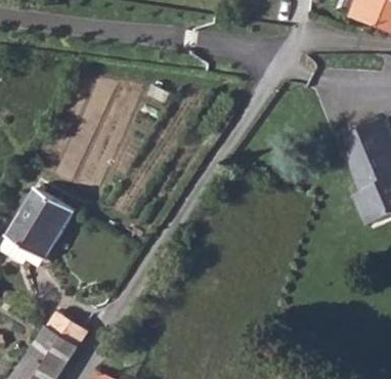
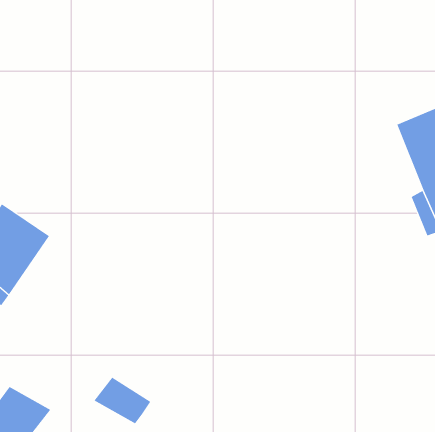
building: [42,312,87,349] -> [93,377,151,424]

